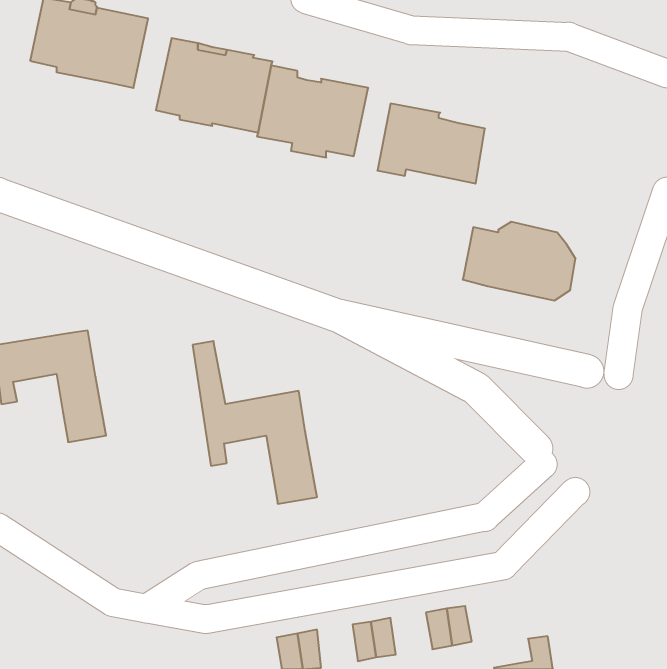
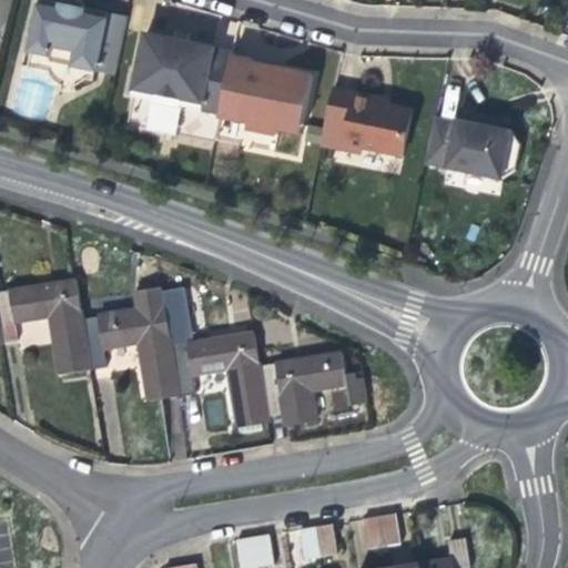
building: [463,222,576,301] -> [424,113,519,180]
building: none -> [81,286,179,399]
building: none -> [258,352,366,425]

